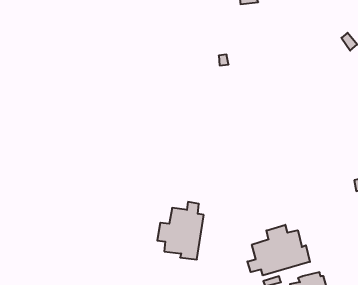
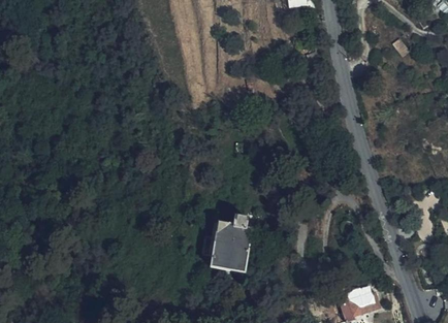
building: [247,225,310,275] -> none

